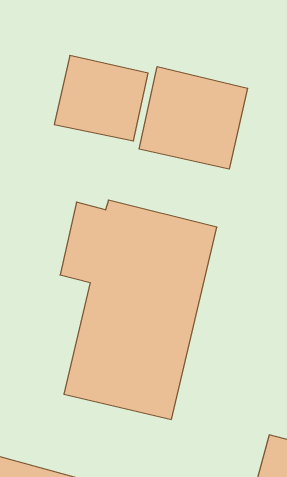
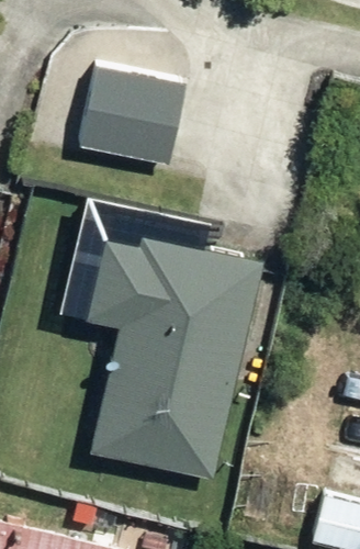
building: [139,67,248,169] -> none

